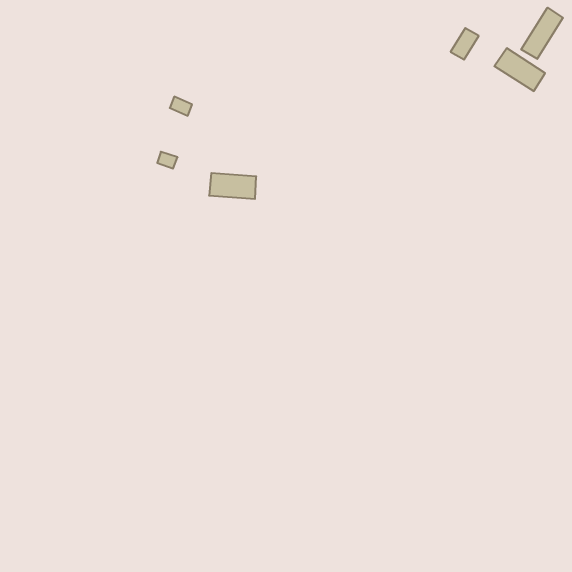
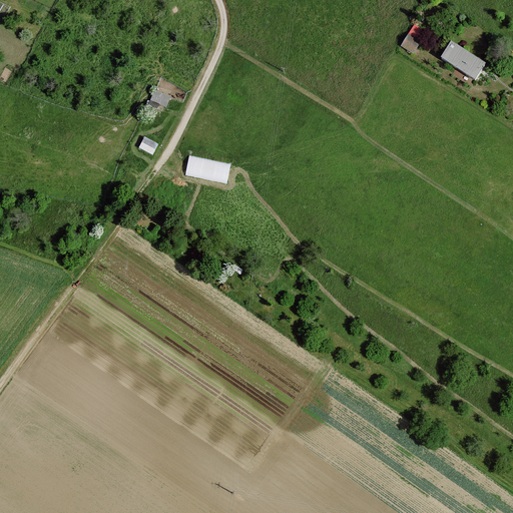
building: [521,8,563,59] -> none

